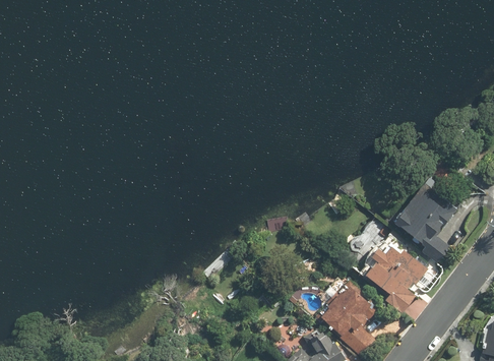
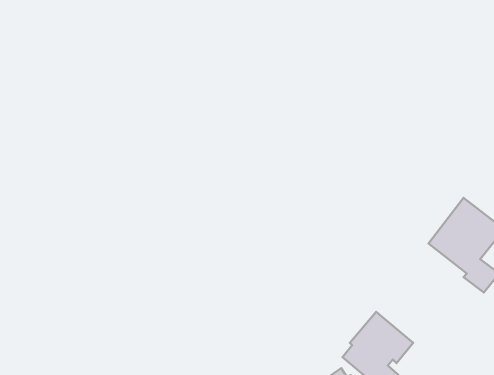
building: [365,246,429,313] -> none

